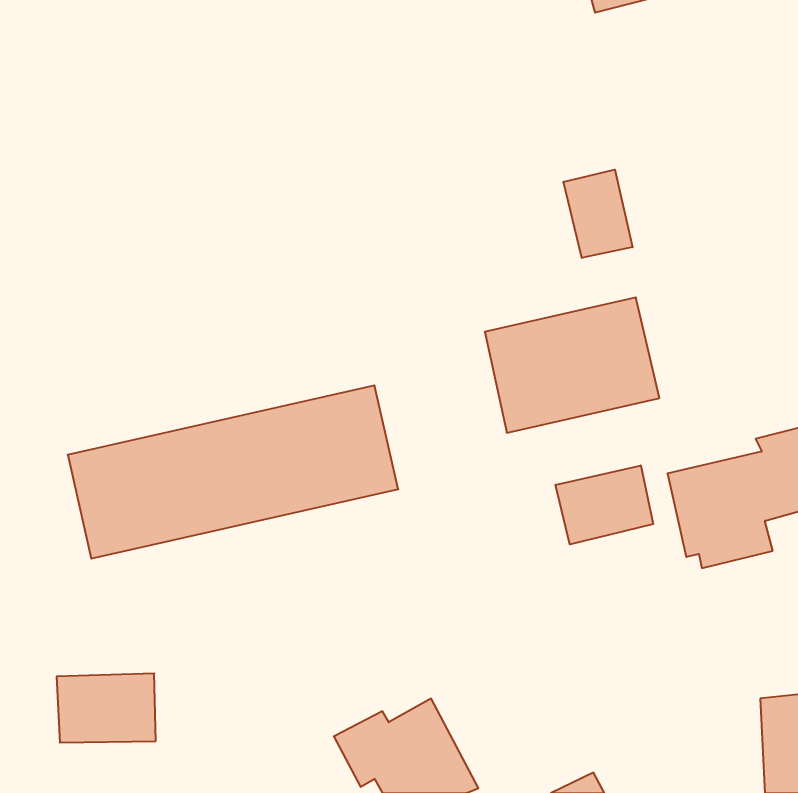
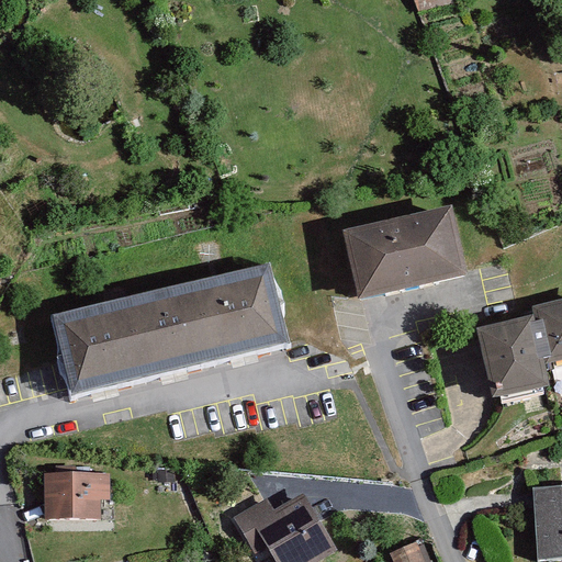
building: [563,170,633,258] -> none
building: [556,465,653,544] -> none

